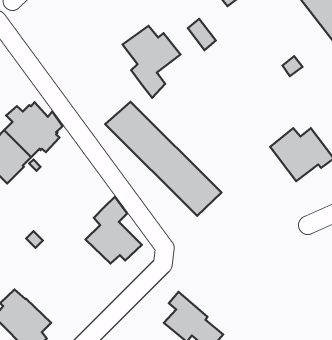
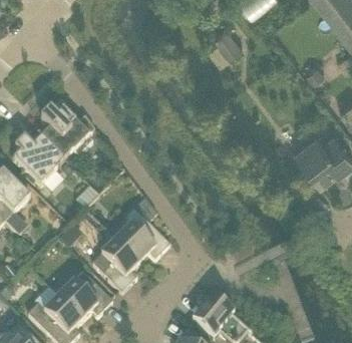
building: [123,26,180,98] -> none
building: [105,102,222,216] -> none
building: none -> [98,239,137,292]
building: none -> [56,272,109,319]

